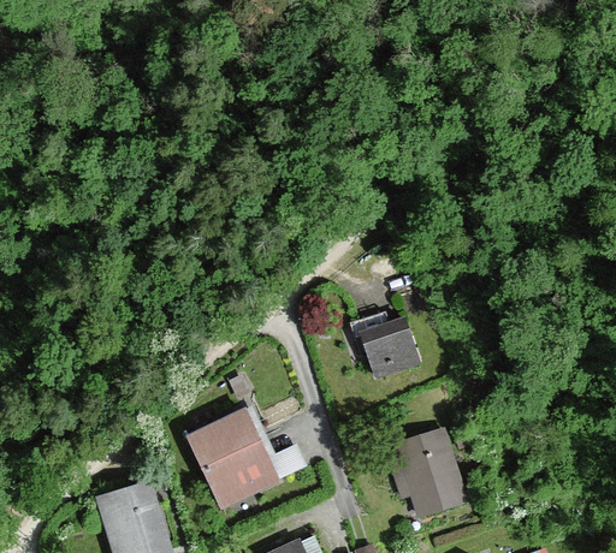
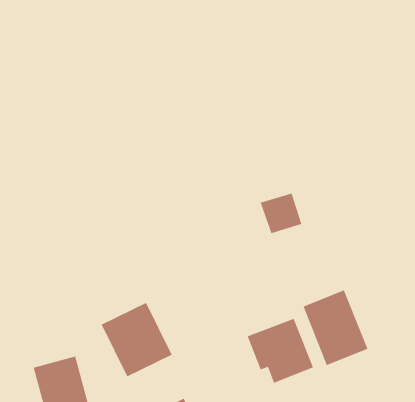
building: [360,320,416,375] -> [260,193,302,234]
building: none -> [303,289,368,366]

